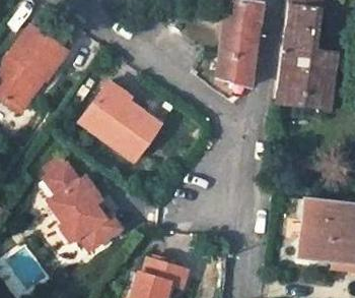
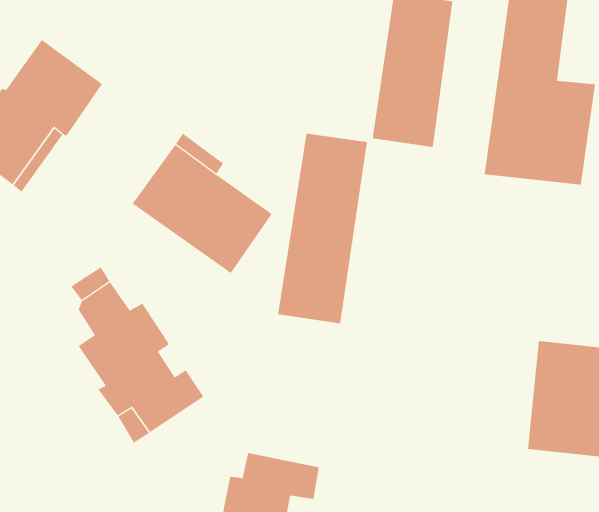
building: none -> [277,133,367,324]

